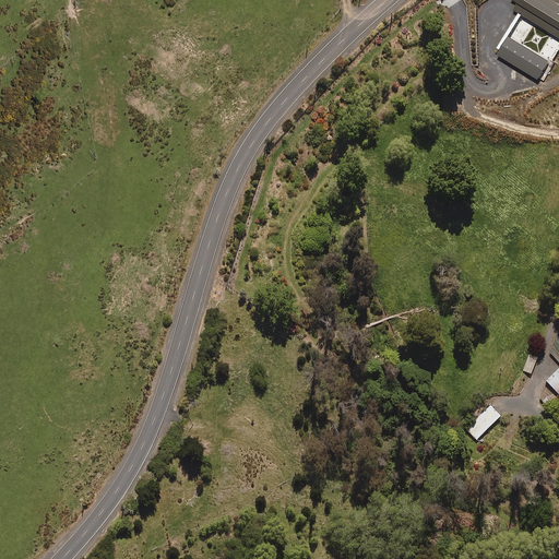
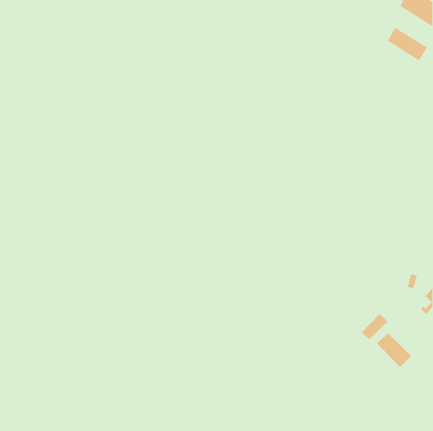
building: none -> [376,333,412,368]

